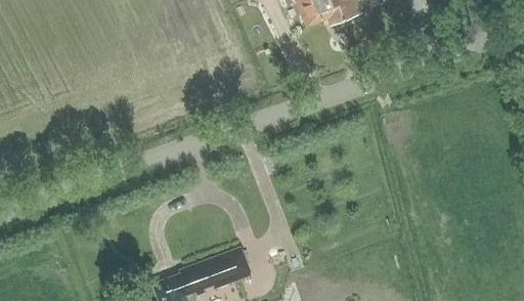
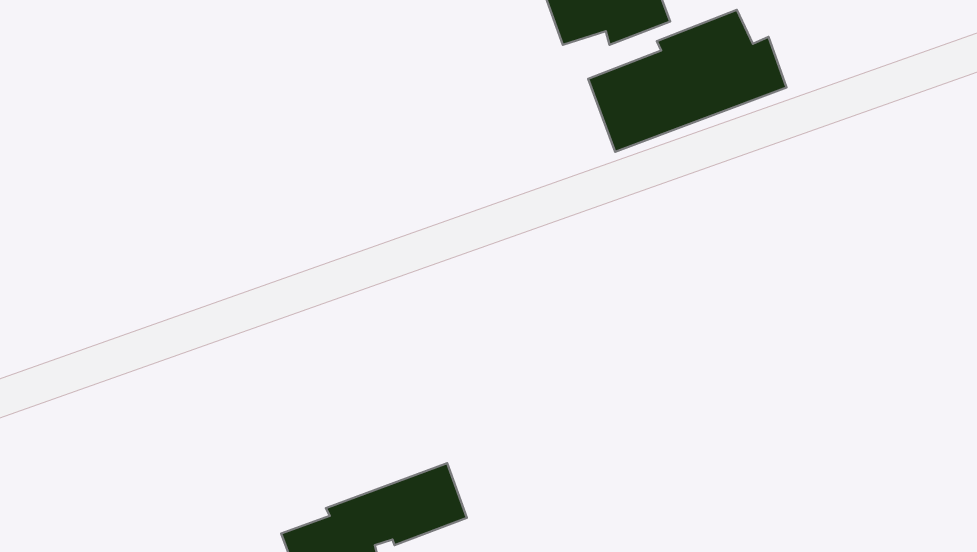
building: none -> [588,10,787,152]

